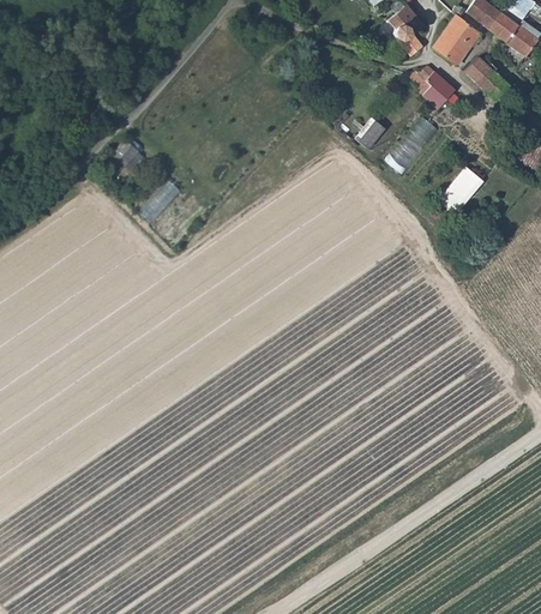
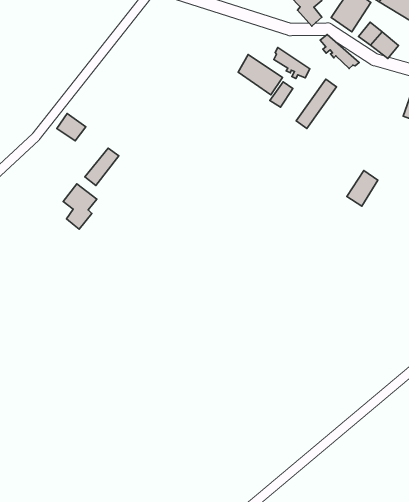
building: none -> [274,47,310,79]
building: none -> [238,54,283,95]
building: [444,167,481,207] -> [347,171,378,206]
building: none -> [63,184,97,229]

